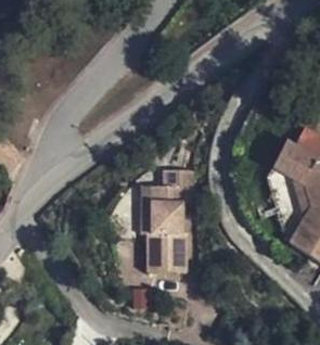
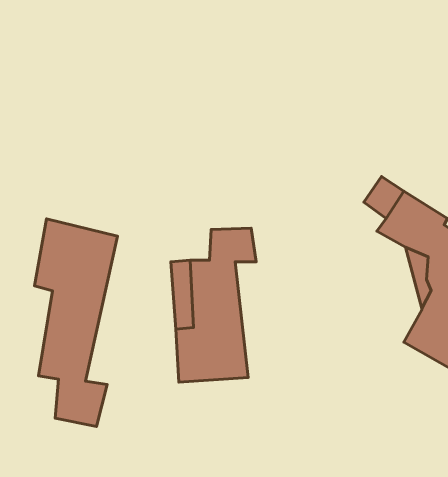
building: none -> [34,219,117,427]

